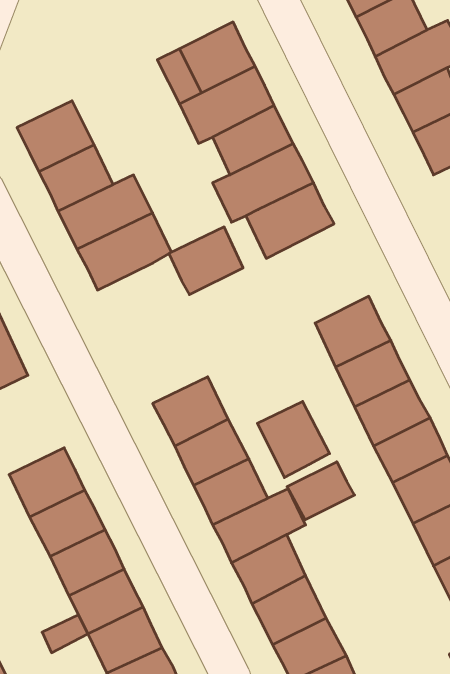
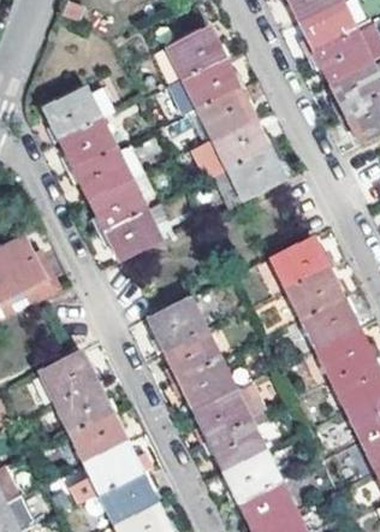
building: [169,227,243,295] -> [105,209,161,261]
building: [257,401,330,478] -> none
building: [287,462,355,520] -> none

